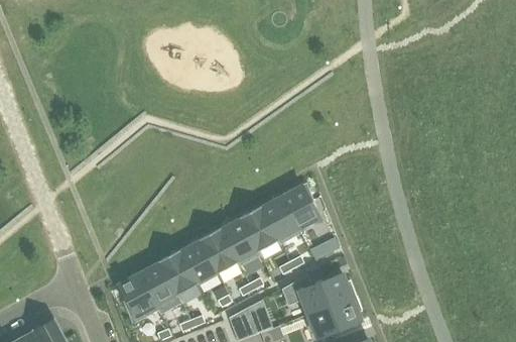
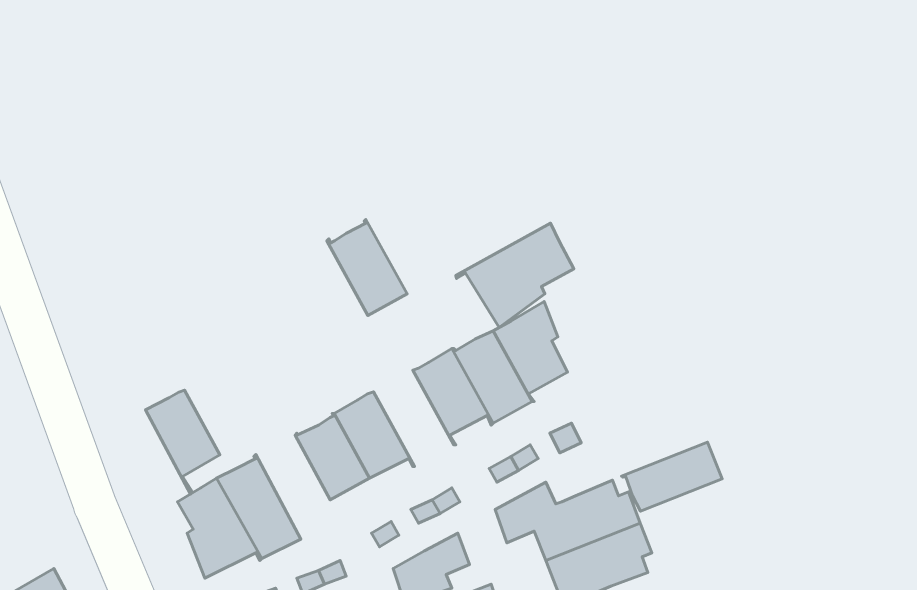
building: none -> [456,223,574,328]
building: [219,217,260,266] -> [327,219,407,316]
building: [158,250,197,304] -> [145,390,220,494]
building: none -> [621,442,722,511]

